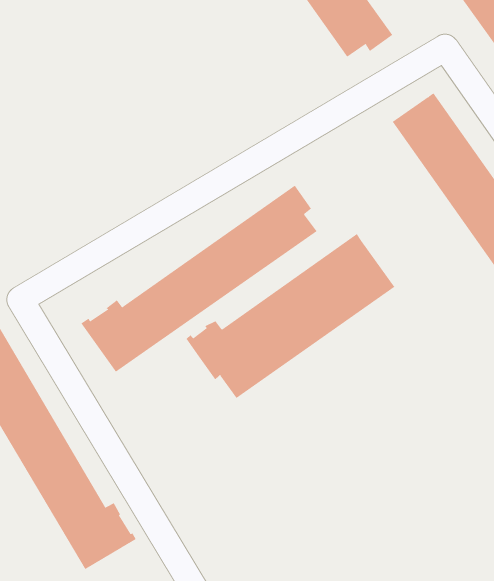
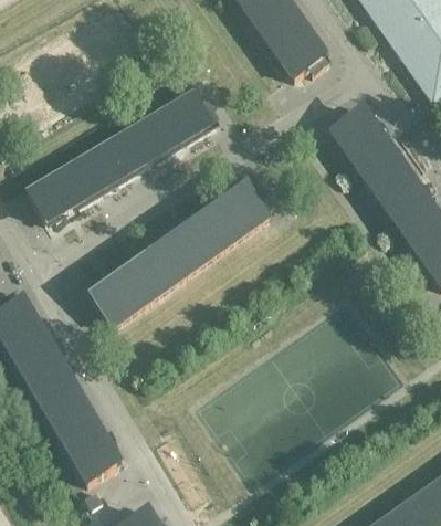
building: none -> [27,91,219,231]
building: [186,233,395,399] -> none

